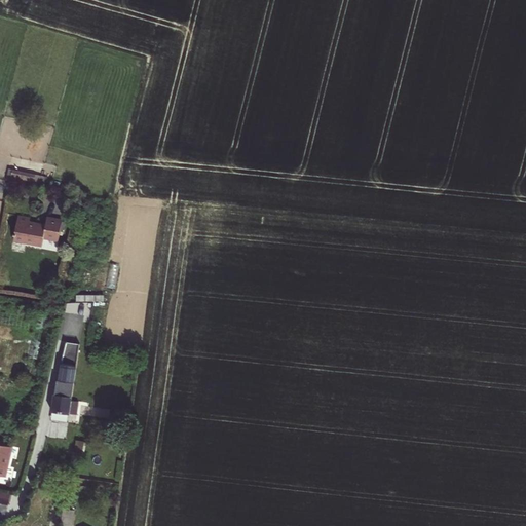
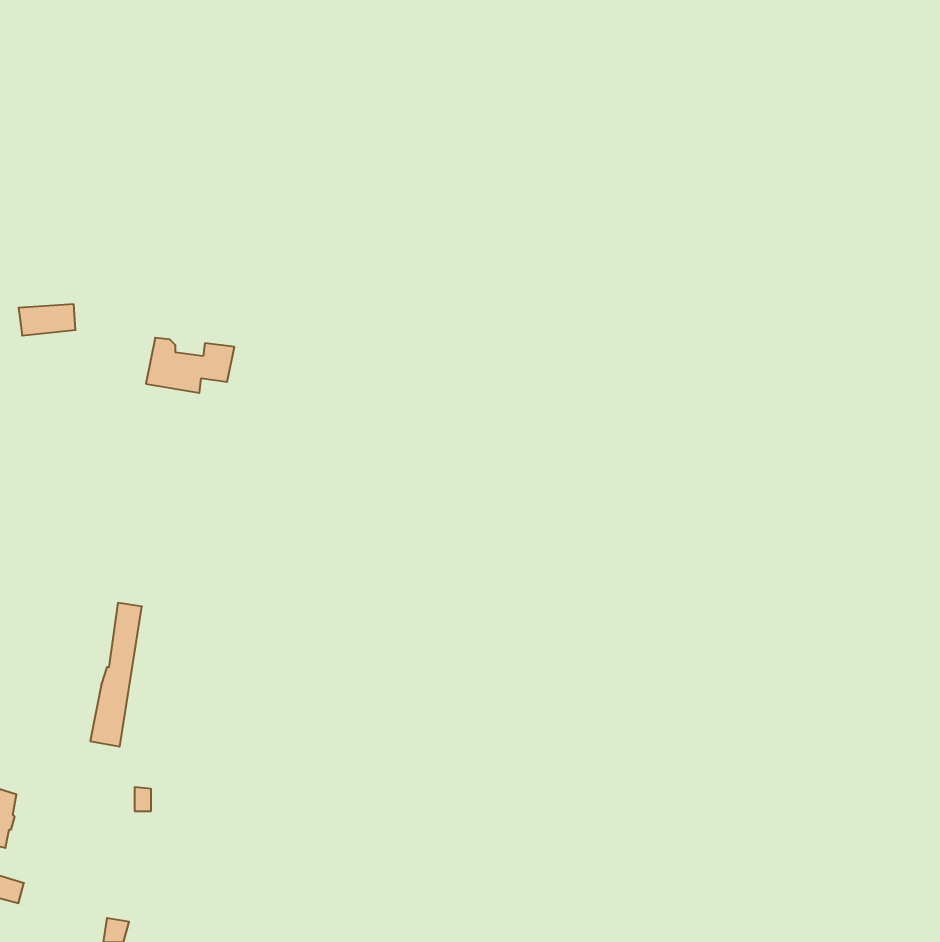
building: [11,216,61,247] -> [146,338,234,393]

